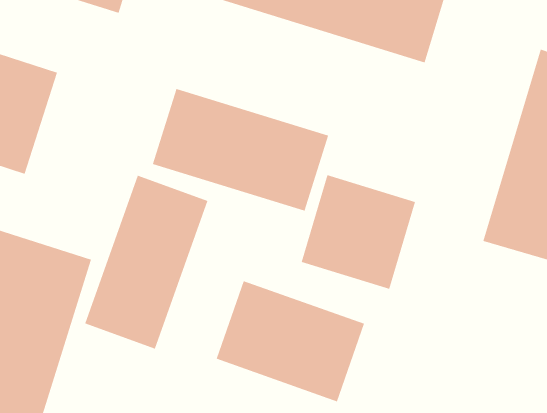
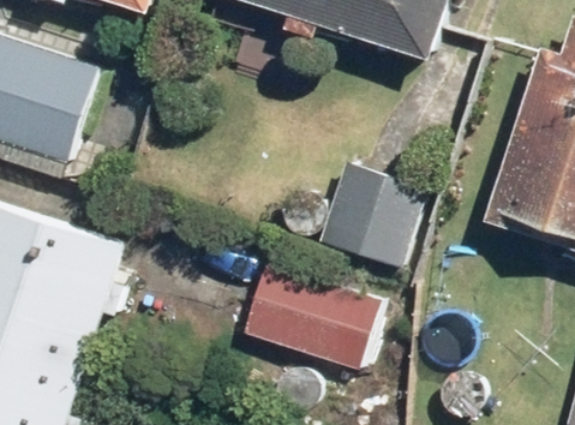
building: [152,88,329,212] -> none
building: [85,175,208,349] -> none

